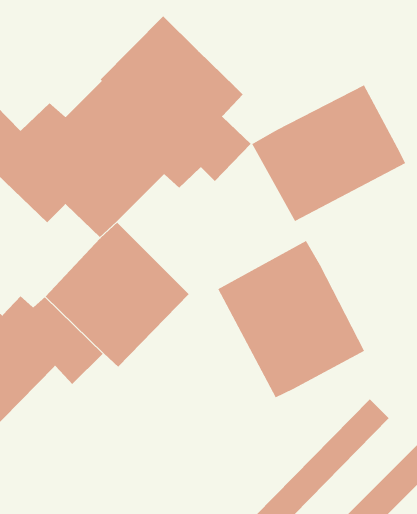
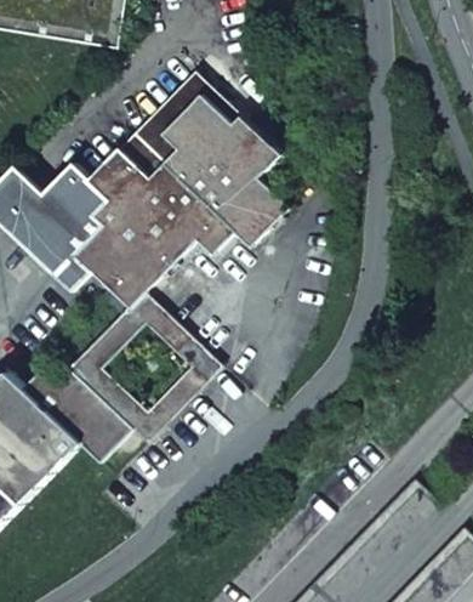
building: [252,84,406,222] -> none
building: [218,240,365,398] -> none

